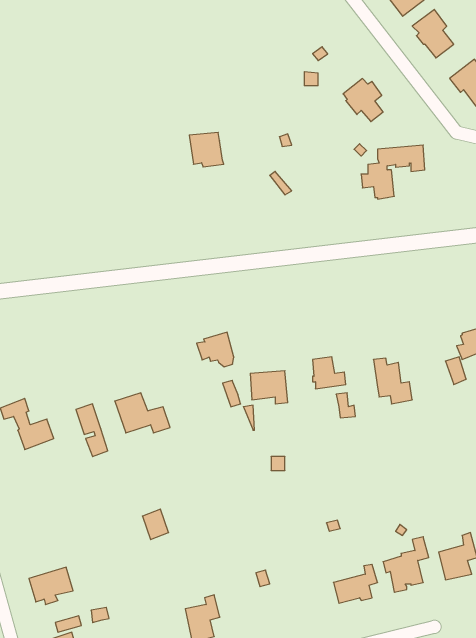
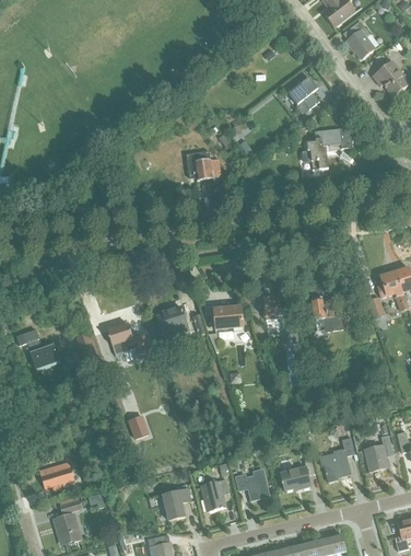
building: [189,132,224,167] -> [185,152,212,179]
building: [197,332,234,367] -> [156,306,186,334]
building: none -> [234,468,268,499]
building: none -> [200,478,228,510]

